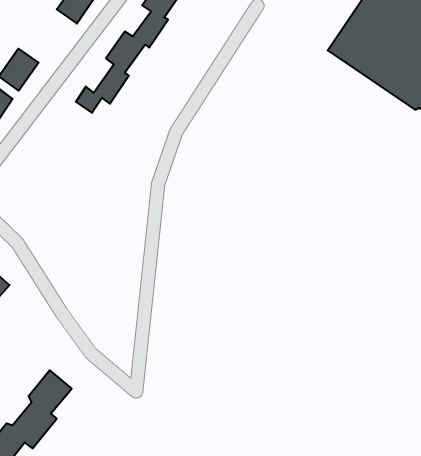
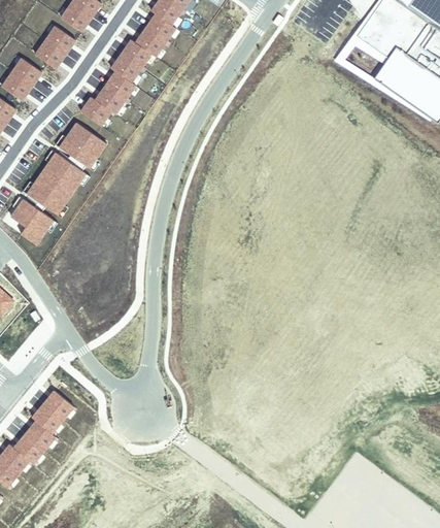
building: none -> [35,25,75,68]
building: none -> [27,122,106,213]
building: none -> [11,198,53,243]

